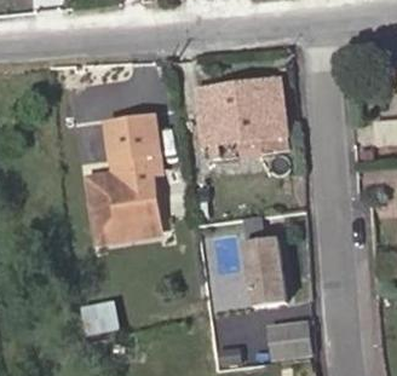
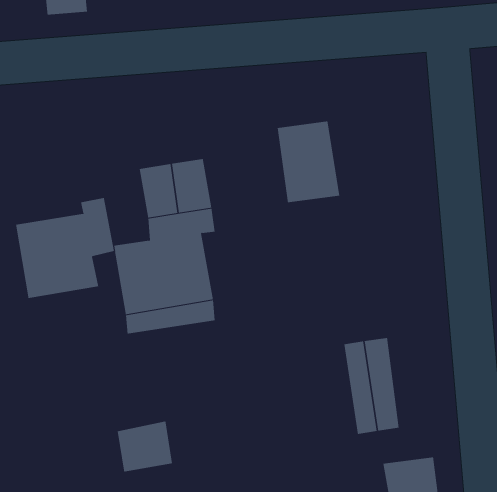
building: [236,83,288,143] -> none
building: none -> [16,197,114,299]

